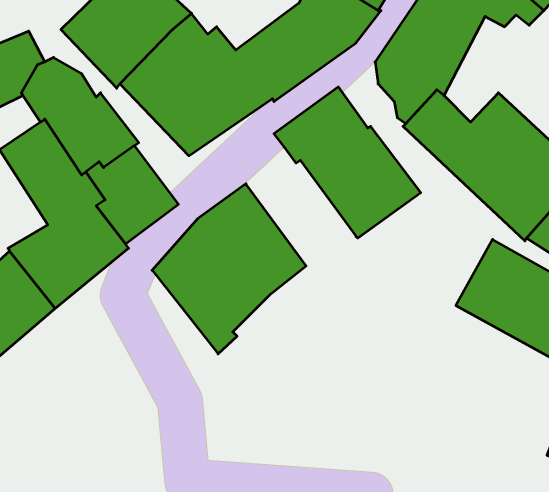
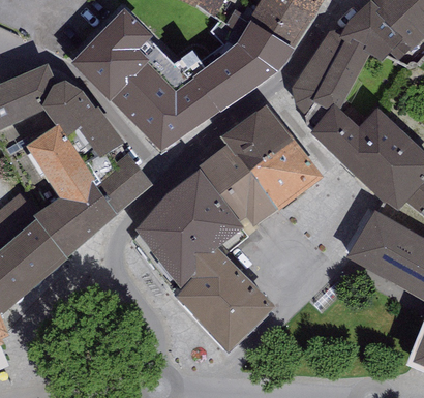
building: none -> [196,145,277,232]
building: none -> [174,248,275,353]

